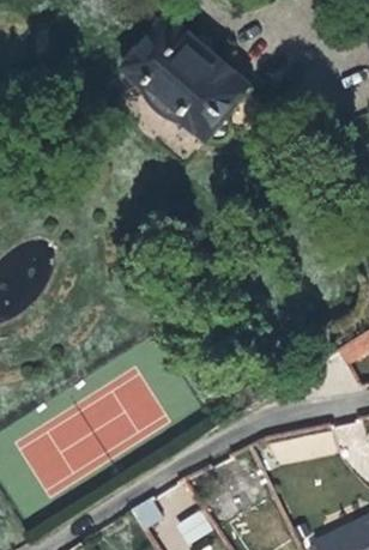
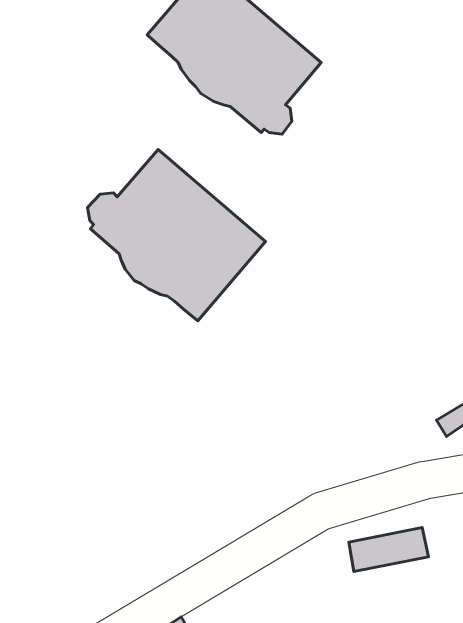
building: none -> [87,150,266,321]

